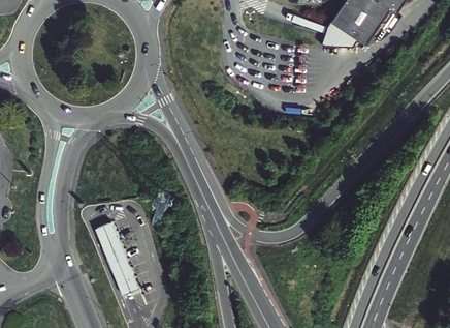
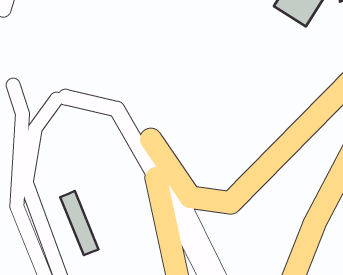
building: [326,14,362,40] -> none

